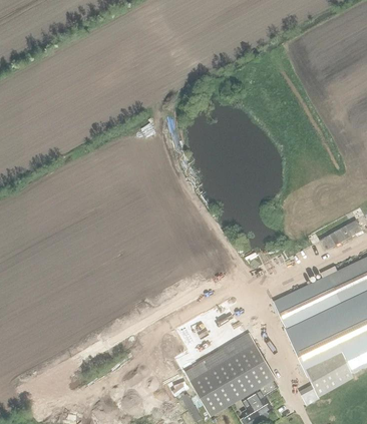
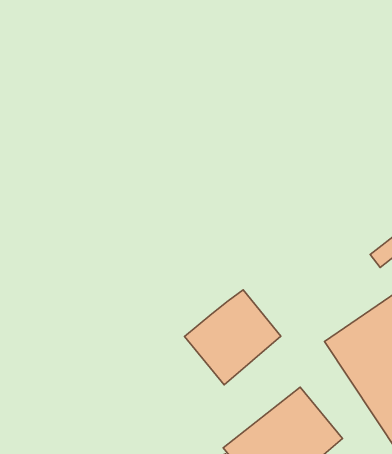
building: none -> [185,290,281,385]

